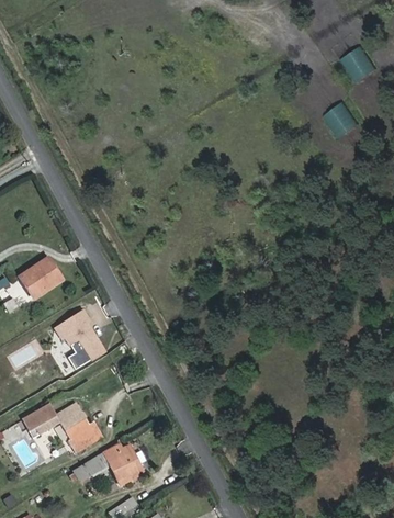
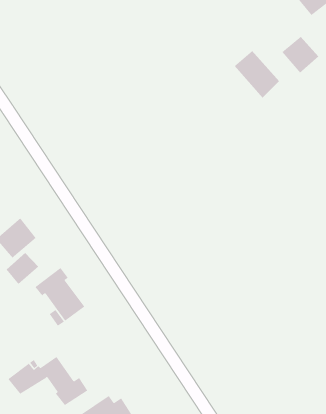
building: none -> [234,50,280,99]
building: none -> [6,252,39,285]

